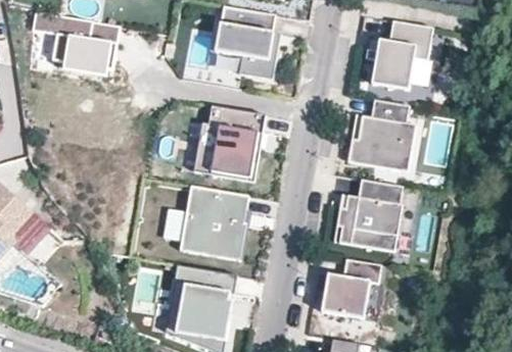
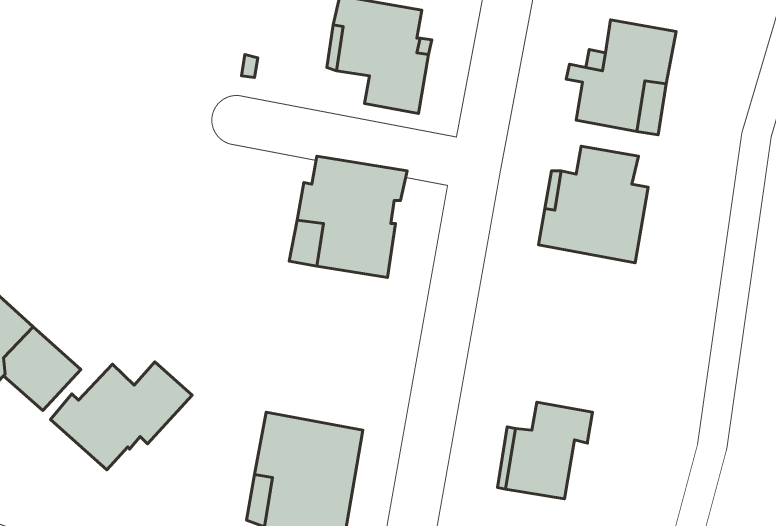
building: [31,16,114,76] -> none
building: [335,179,402,252] -> none
building: [179,186,248,261] -> none
building: none -> [50,362,192,470]

